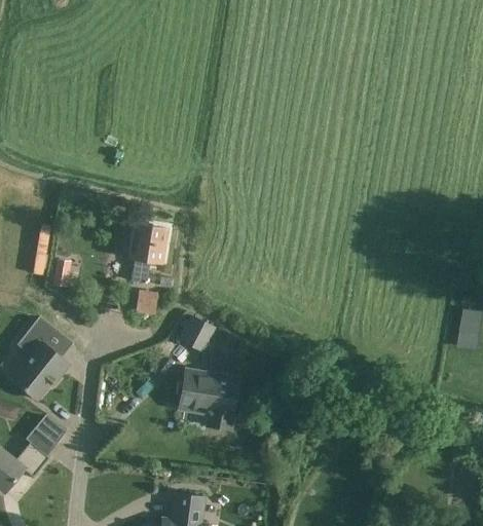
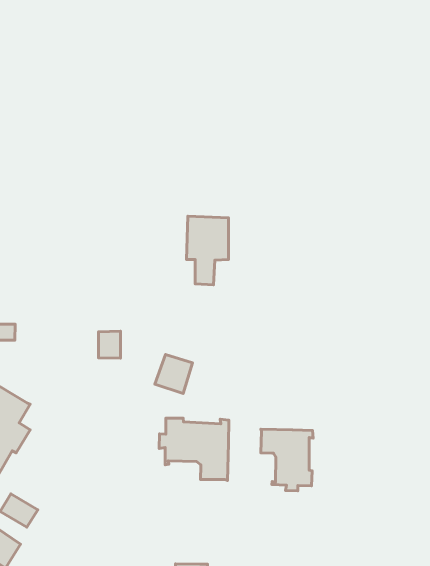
building: [125,223,165,284] -> [187,216,229,285]
building: none -> [261,429,313,491]

